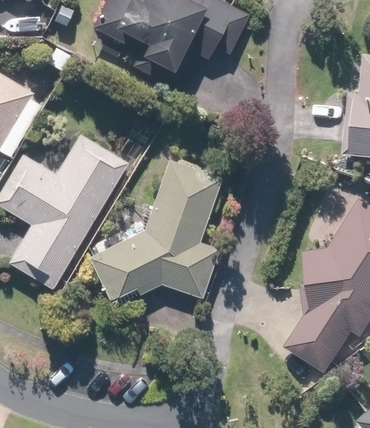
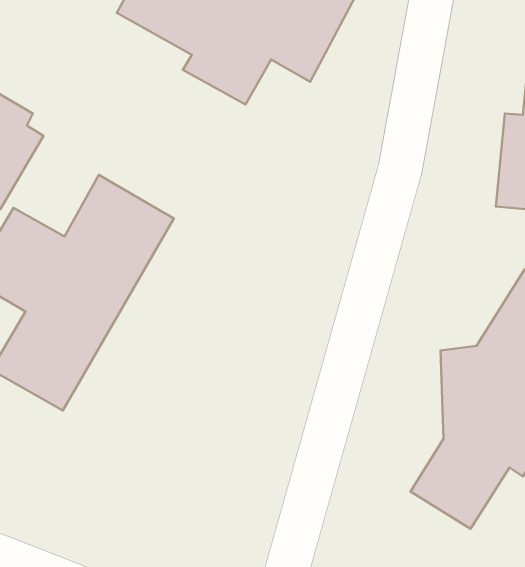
building: [87,162,219,305] -> none

